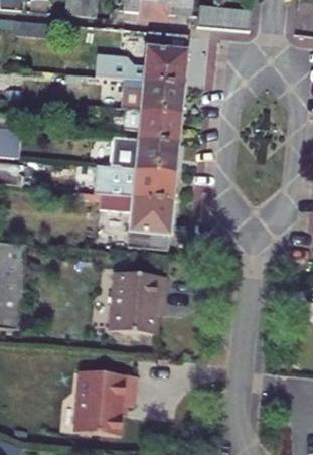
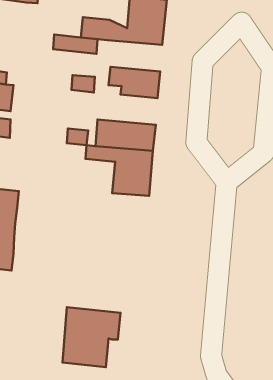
building: [121,79,183,113] -> none
building: [111,136,178,171] -> none
building: [110,271,166,333] -> none

